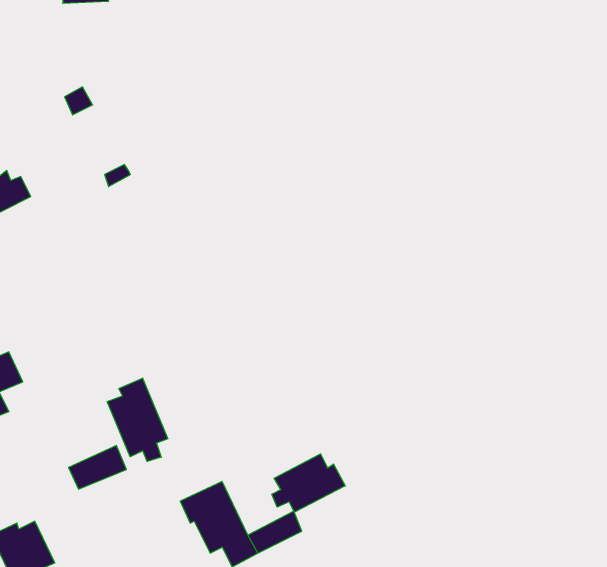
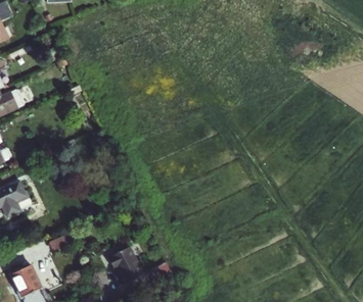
building: [107,378,168,461] -> none
building: [272,454,345,512] -> none

